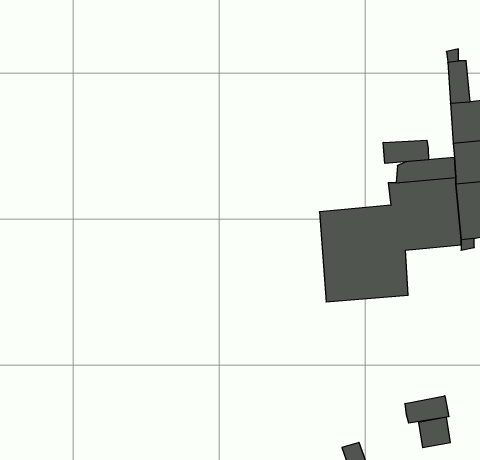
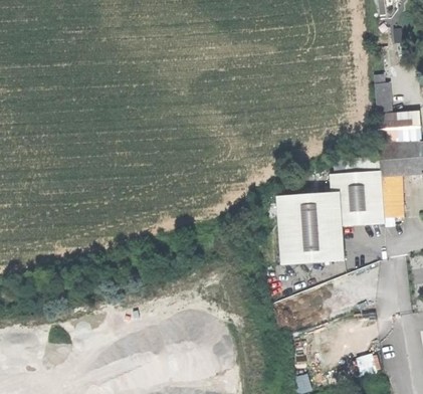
building: [383,140,428,163] -> none
building: [405,396,449,423] -> none

